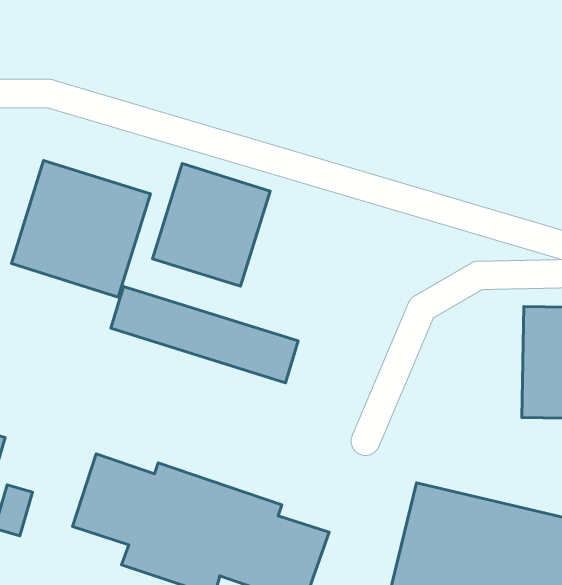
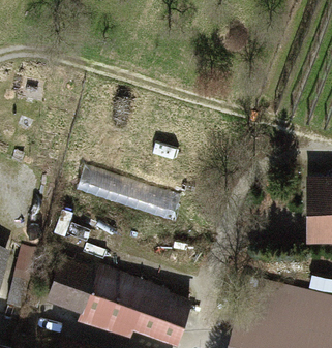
building: [11,160,150,297] -> none
building: [152,164,270,286] -> none

